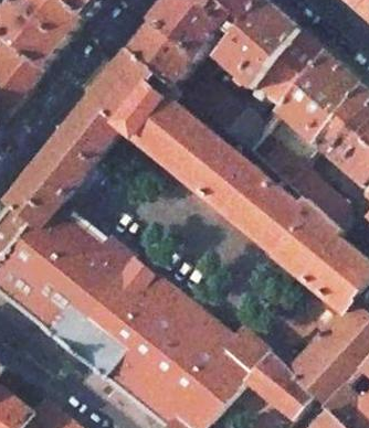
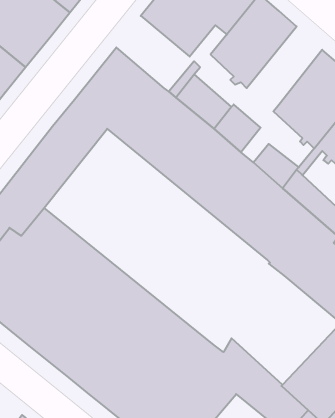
building: [126,19,196,87] -> none
building: [246,29,321,103] -> none

